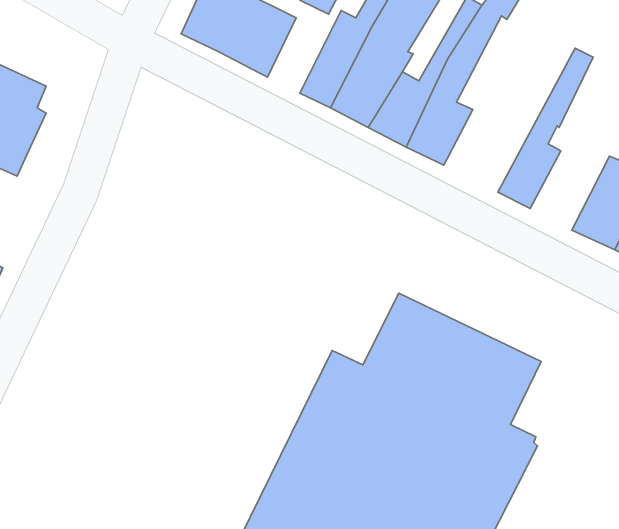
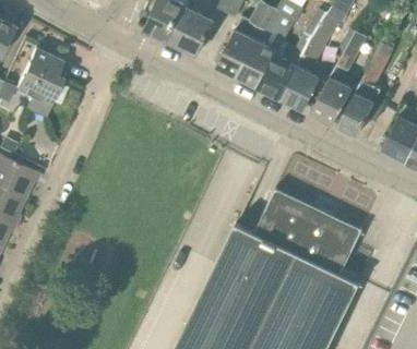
building: none -> [311,28,367,124]

